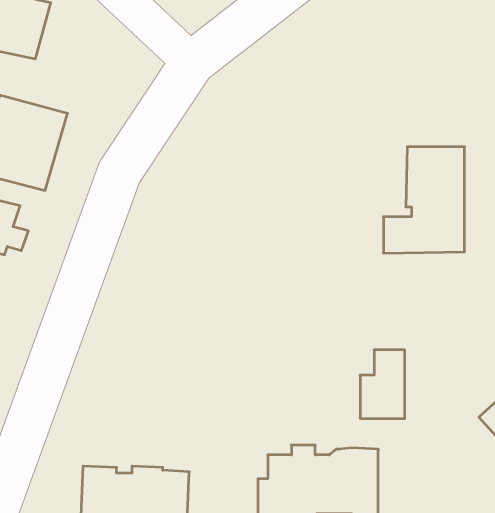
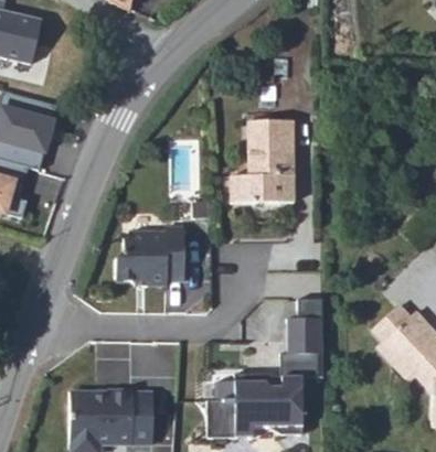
building: [383,147,465,253] -> [232,115,296,198]
building: none -> [115,225,183,283]
building: none -> [281,348,323,374]

